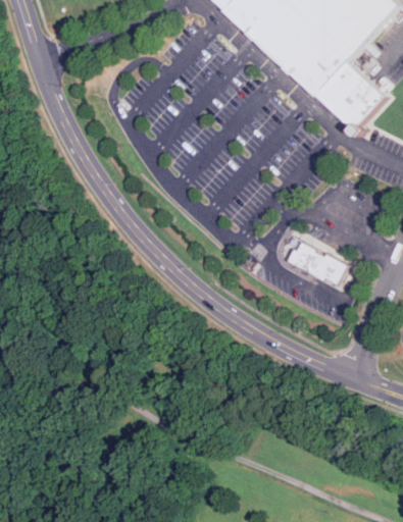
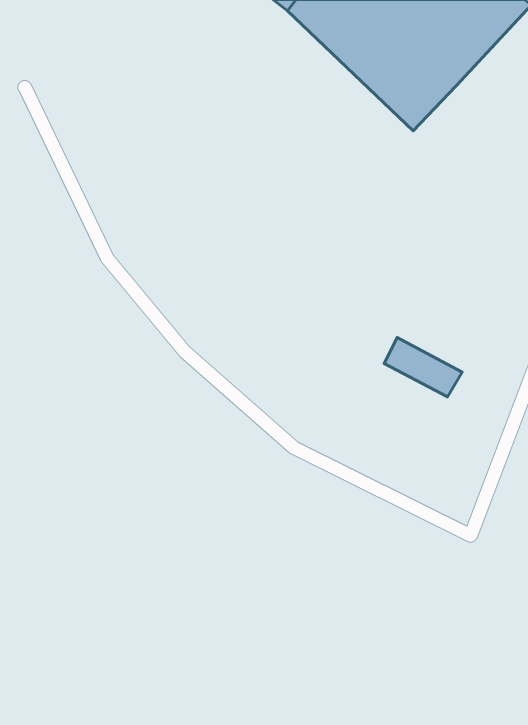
building: [313,62,384,130] -> none

